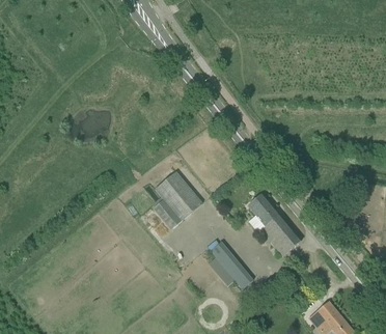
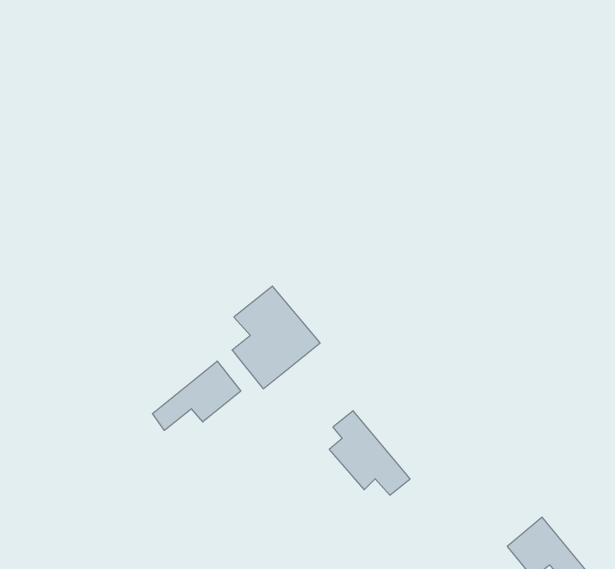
building: [248,195,301,256] -> none
building: none -> [152,361,241,430]

